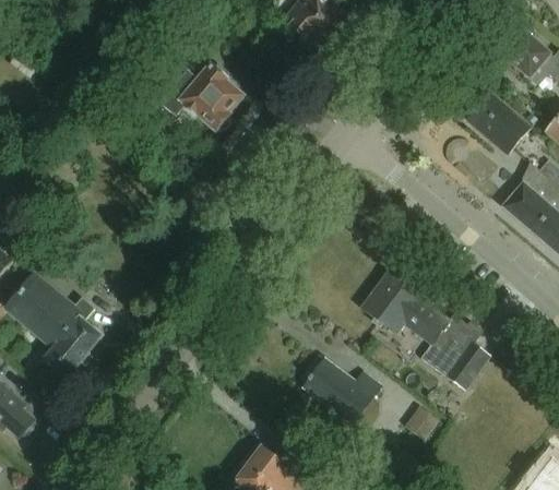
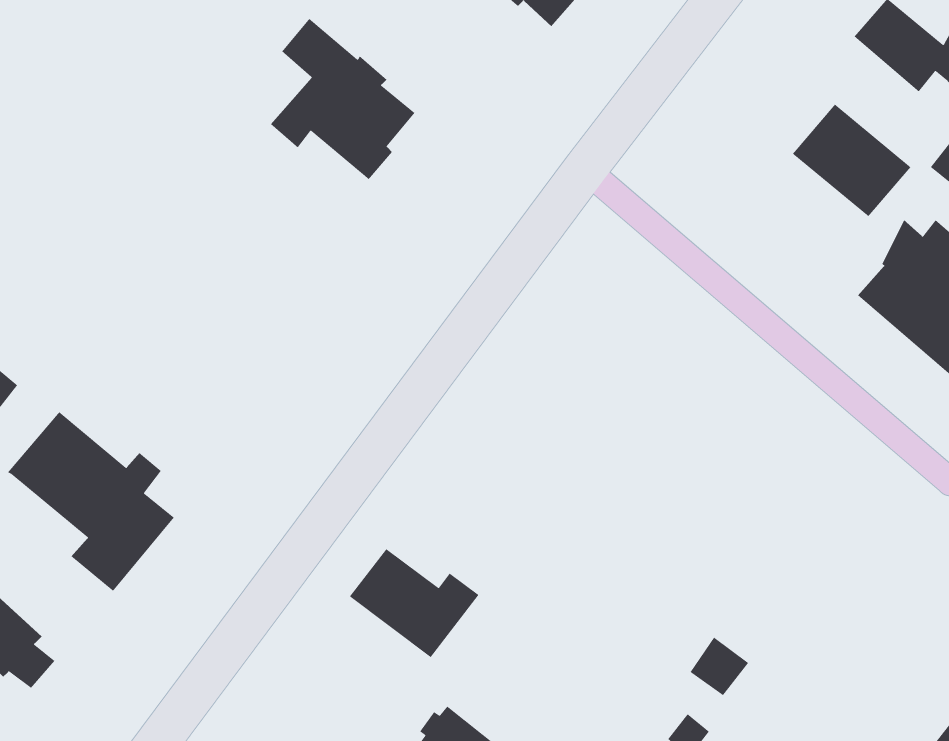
building: [364,272,492,389] -> none
building: [305,357,381,421] -> [349,548,479,658]

